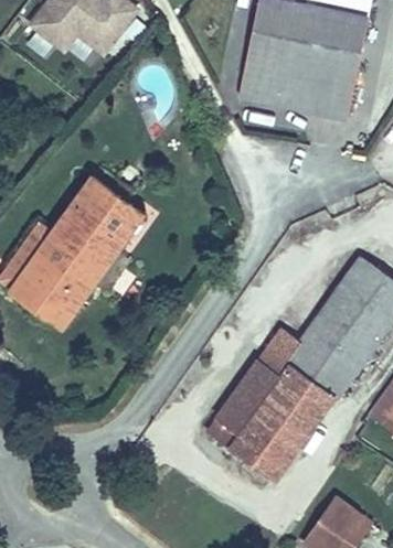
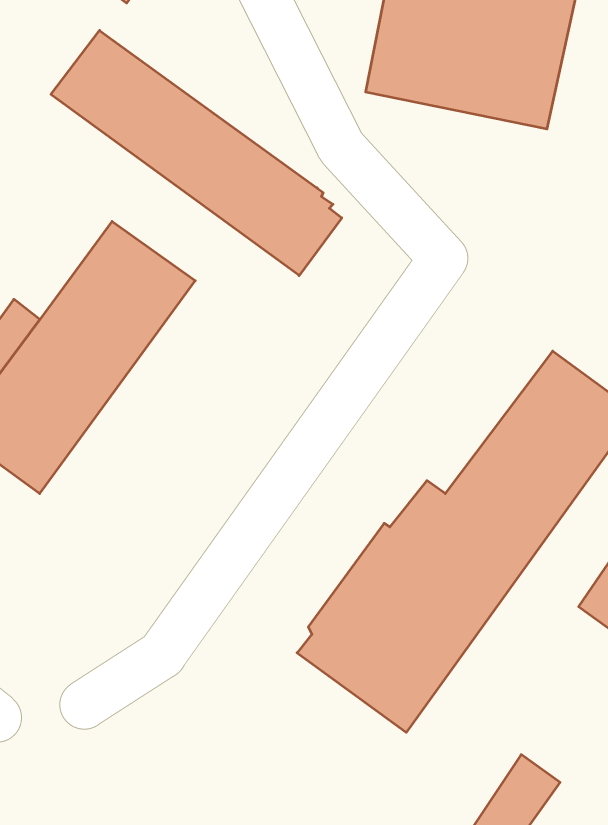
building: none -> [51,30,342,276]

